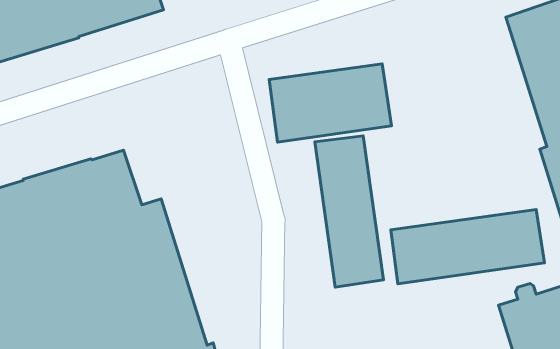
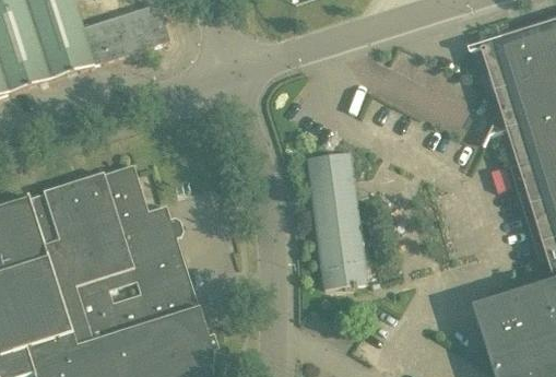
building: [269,64,391,142] -> none
building: [391,209,545,284] -> none

